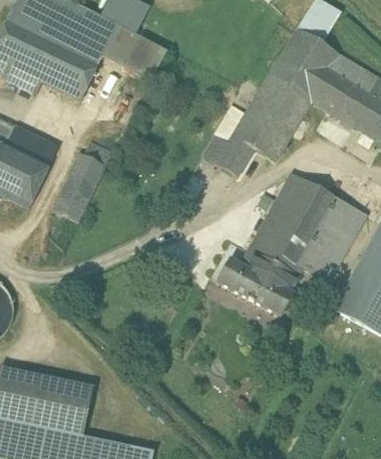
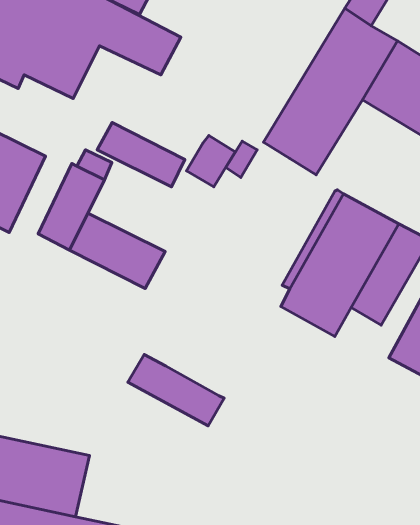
building: none -> [97,123,185,187]
building: [216,136,255,177] -> [186,136,235,187]
building: none -> [70,213,165,288]
building: [218,258,295,315] -> [128,354,224,426]

